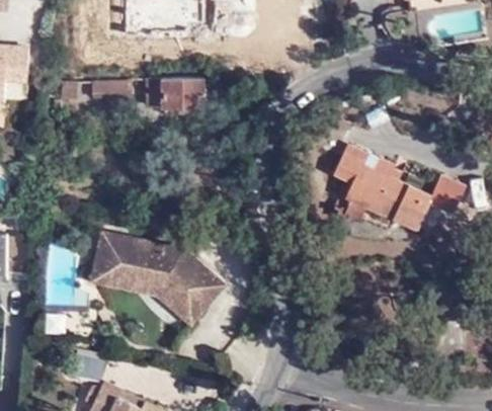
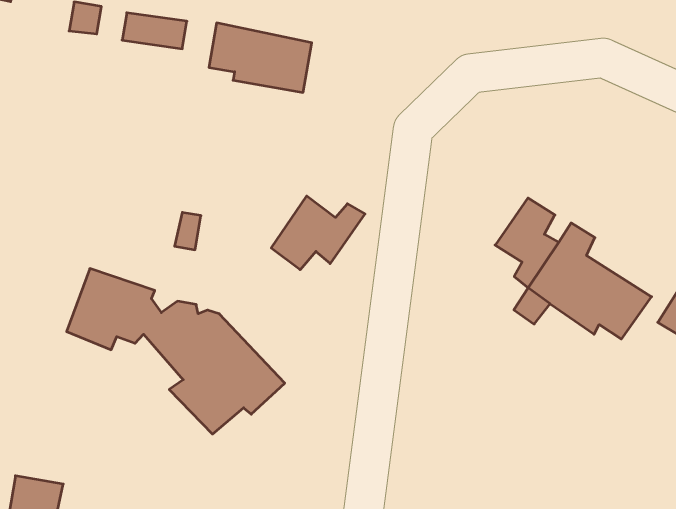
building: none -> [271,196,365,270]
building: [91,265,164,295] -> none

